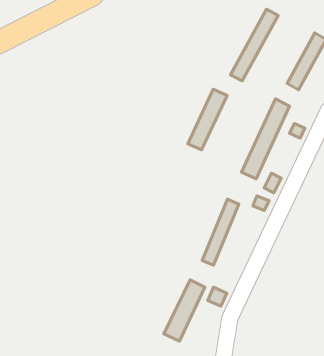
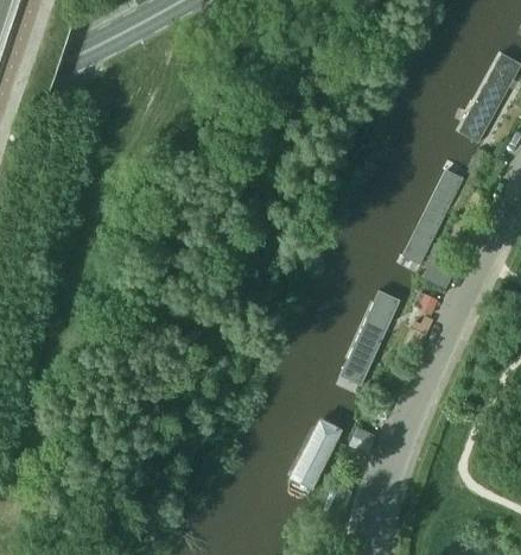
building: [230,9,278,81] -> none
building: [188,89,227,150] -> none

